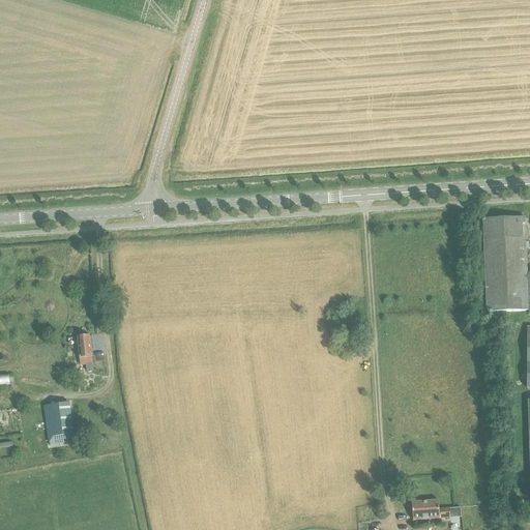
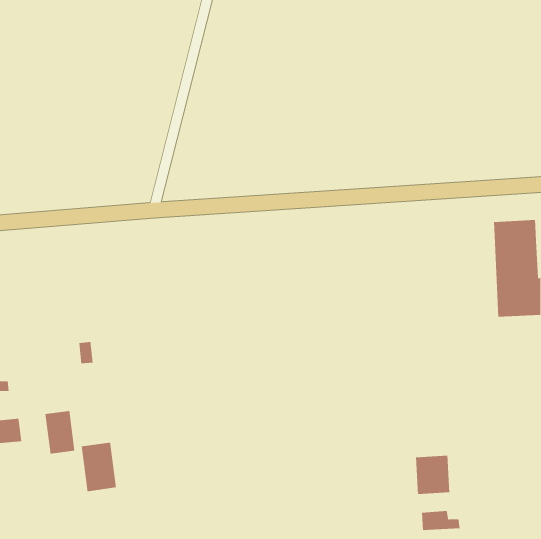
building: none -> [81,442,117,492]
building: none -> [415,455,450,495]

